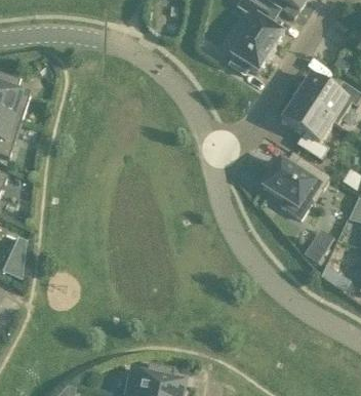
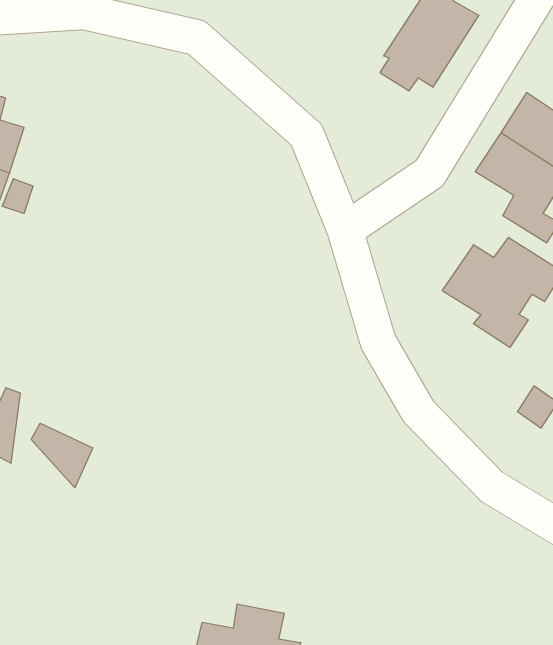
building: none -> [31,423,93,488]

